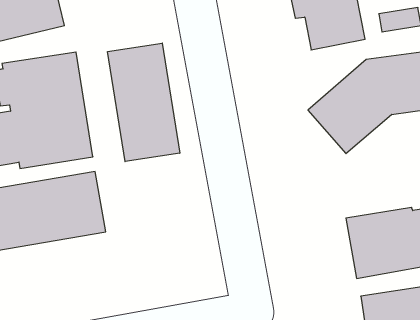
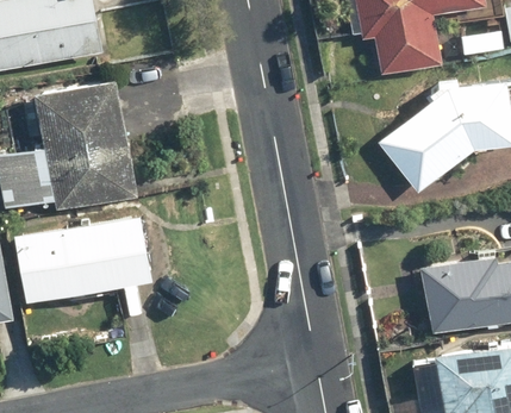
building: [108,43,180,162] -> none

